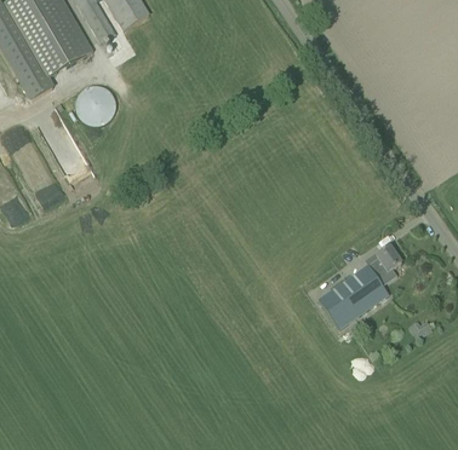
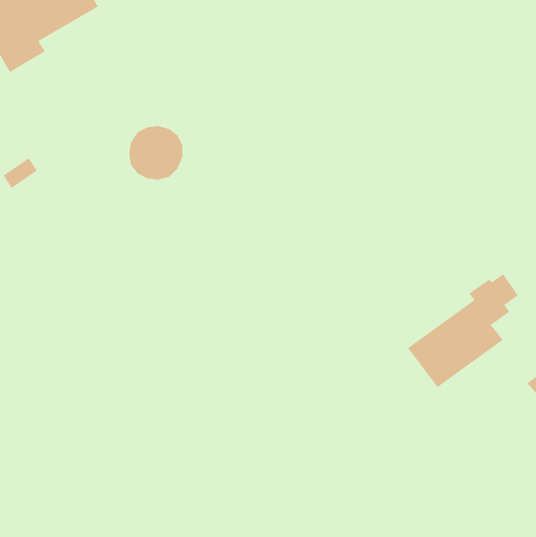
building: [75,86,115,126] -> [128,125,183,180]

